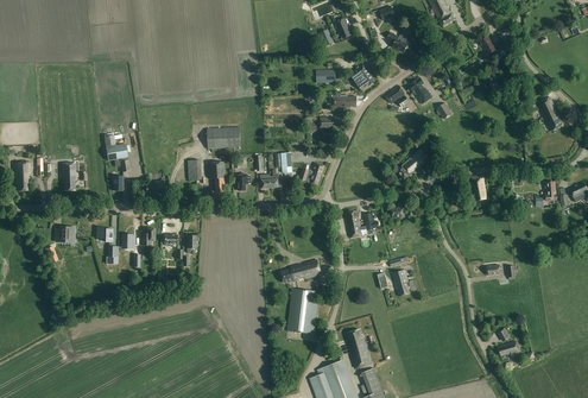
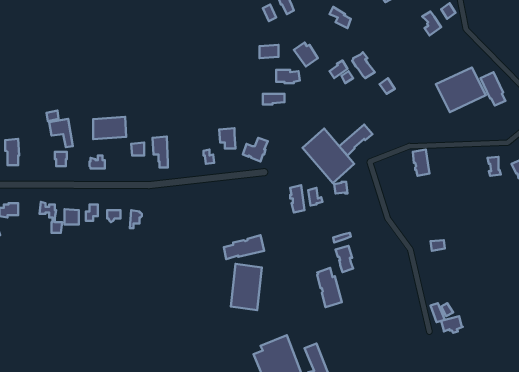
building: none -> [436,67,486,112]
building: [209,126,242,149] -> [93,117,126,139]
building: none -> [303,129,354,183]
building: [347,328,372,367] -> [317,268,342,307]

